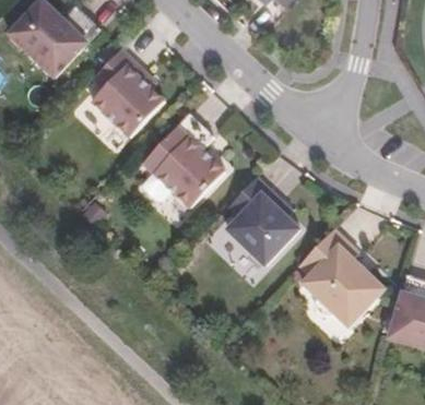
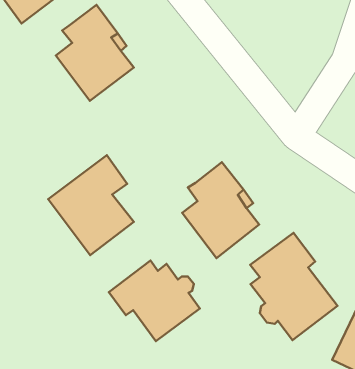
building: [141,114,223,207] -> [48,155,134,255]
building: none -> [109,260,200,341]

